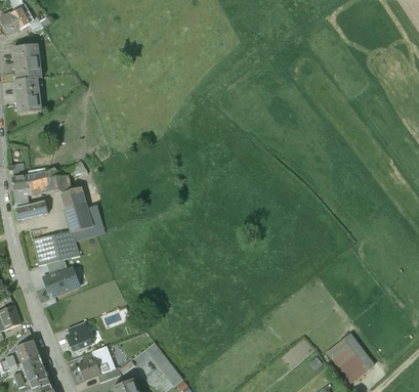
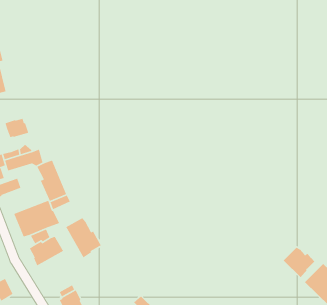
building: none -> [5,118,29,138]
building: none -> [65,217,102,259]
building: none -> [283,247,315,278]

